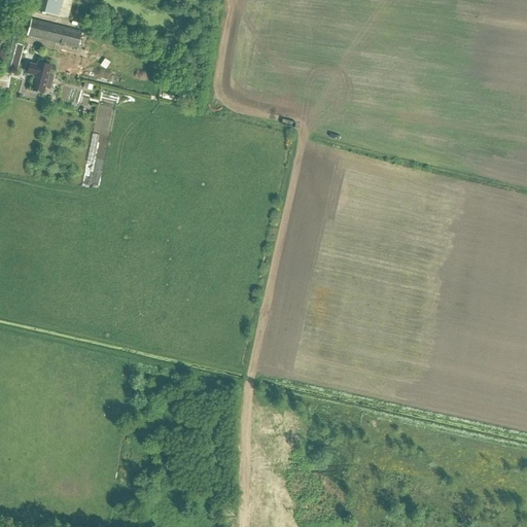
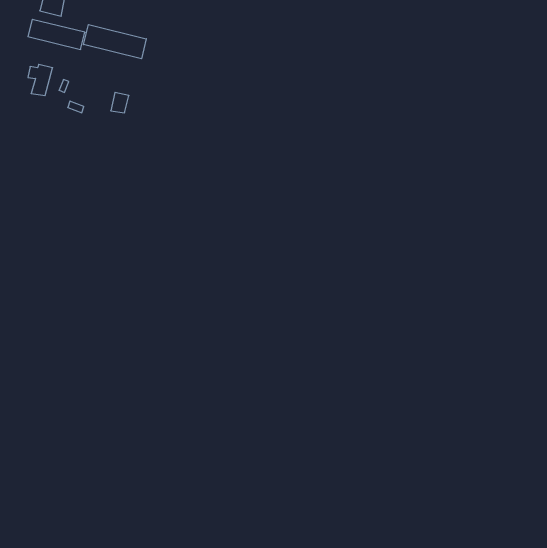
building: none -> [84,25,146,59]

